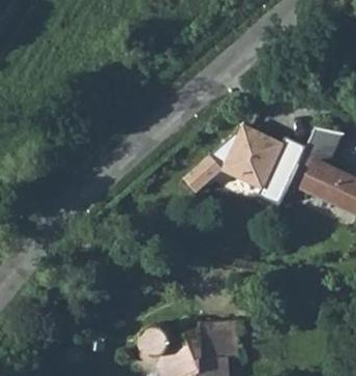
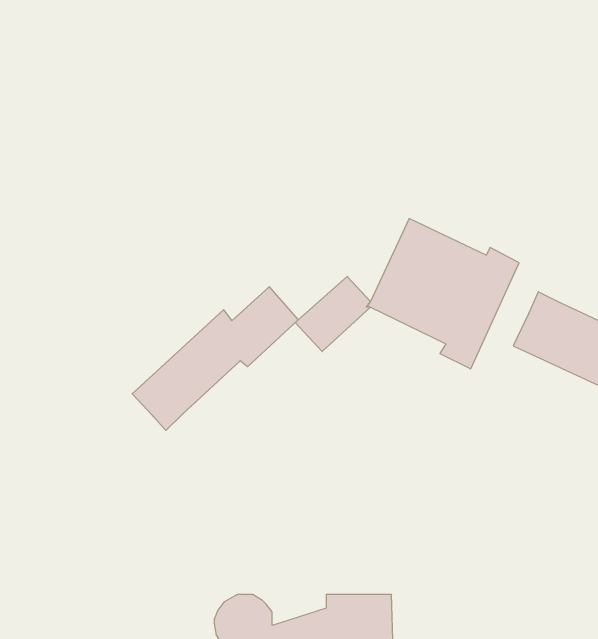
building: [295,131,339,173] -> none
building: none -> [132,287,298,430]

